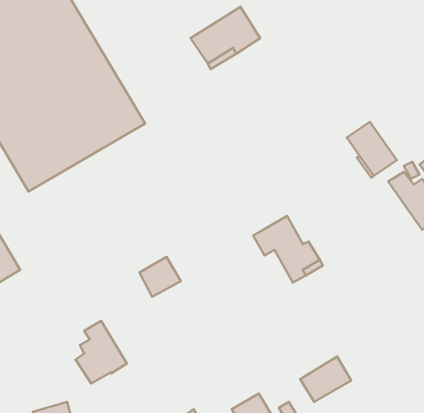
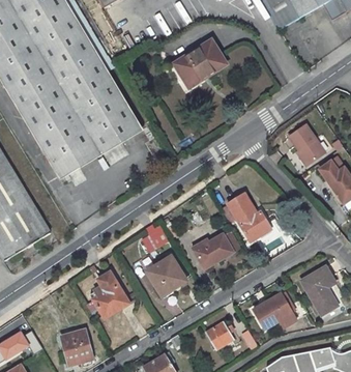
building: none -> [194,230,239,266]
building: none -> [144,254,184,294]
building: none -> [300,266,337,315]

